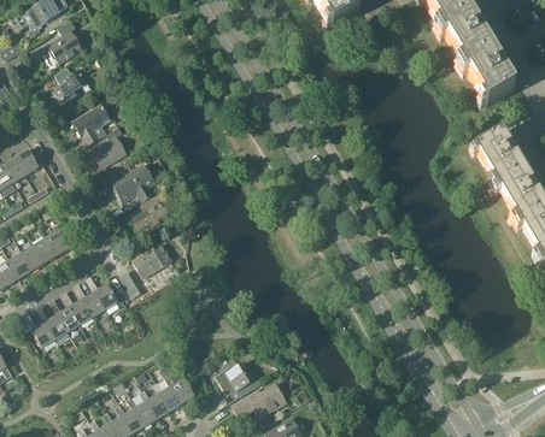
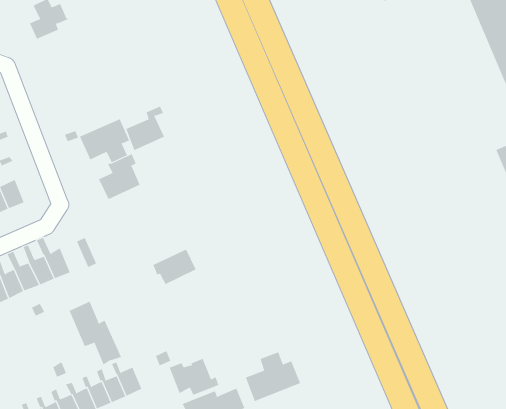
building: [74,102,112,143] -> none
building: [93,125,128,167] -> [126,106,165,151]
building: [135,242,174,276] -> [153,249,196,285]
building: none -> [69,301,122,365]
building: none -> [245,351,301,402]

